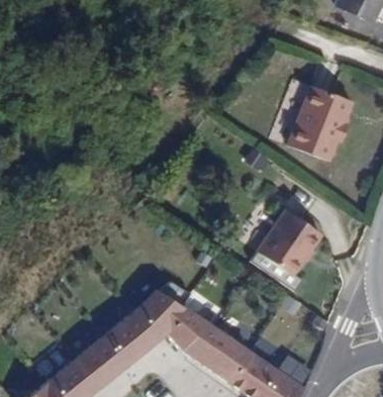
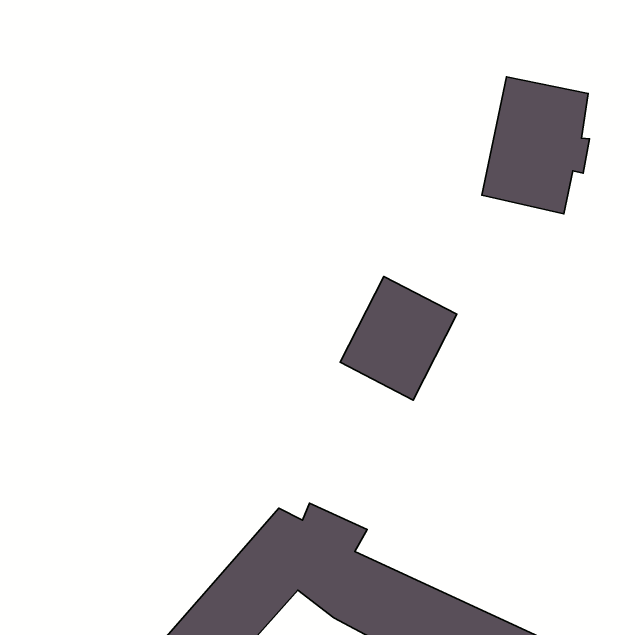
building: [255,212,318,278] -> [340,276,457,400]

